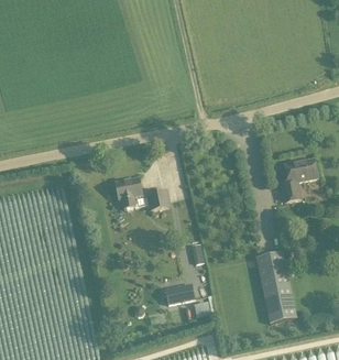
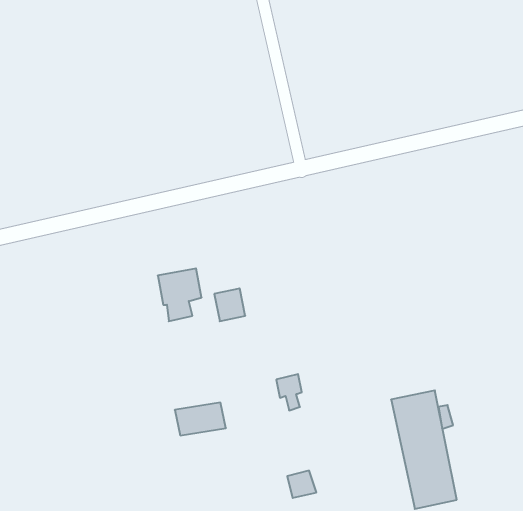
building: [283,159,318,201] -> none
building: [165,283,196,303] -> [175,403,226,435]

